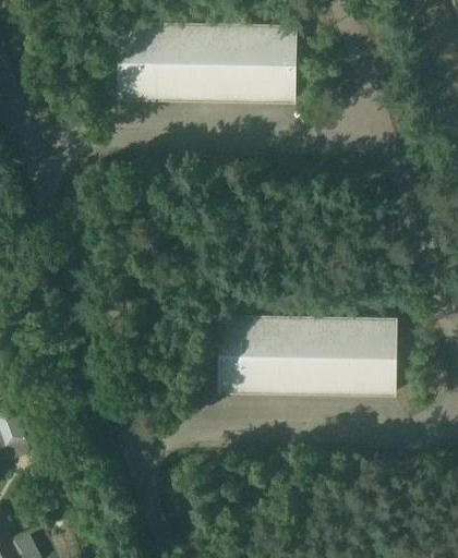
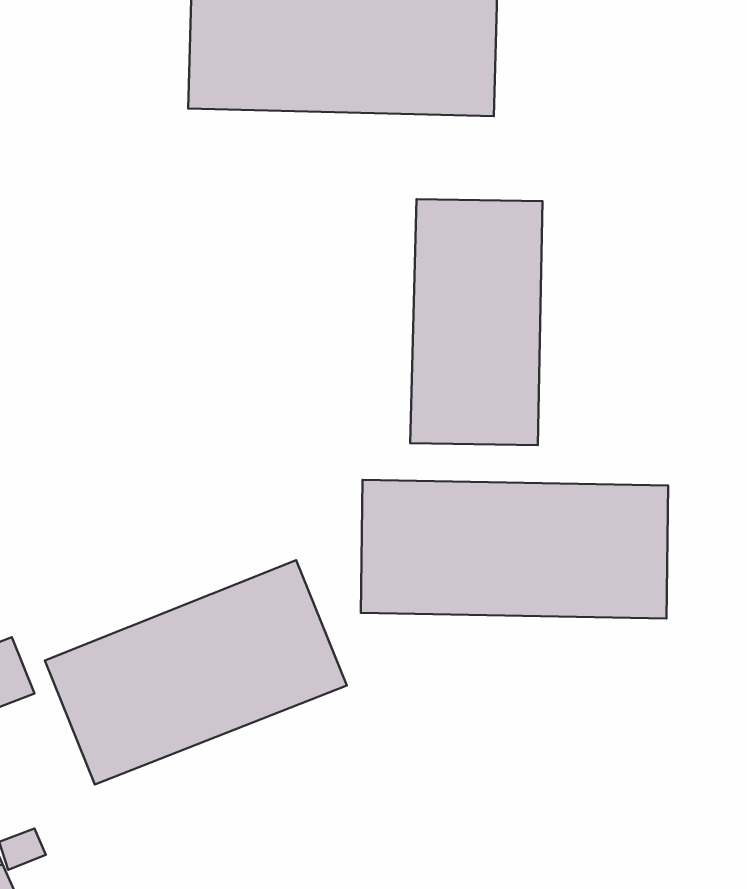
building: none -> [410,199,542,445]
building: none -> [45,560,347,784]

